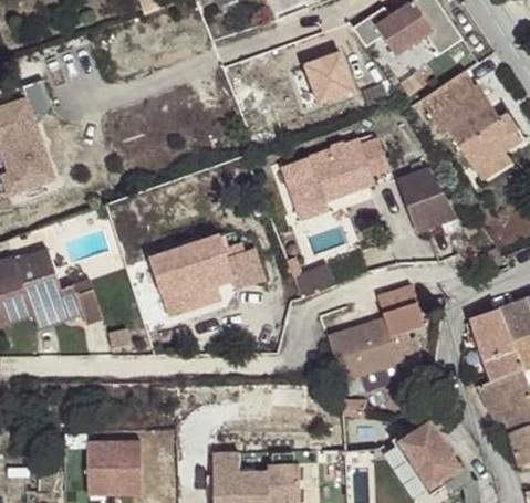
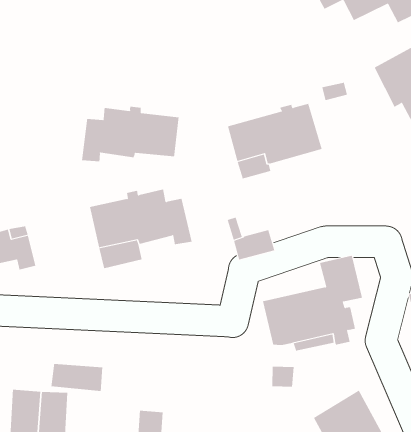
building: [301,45,355,101] -> none
building: none -> [81,106,179,162]
building: [397,168,458,232] -> none
building: none -> [51,363,103,392]

